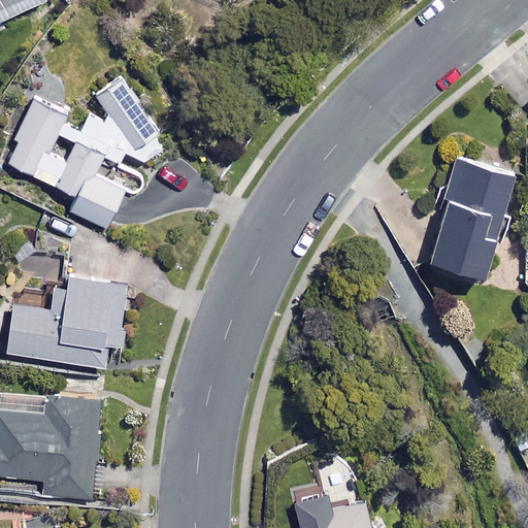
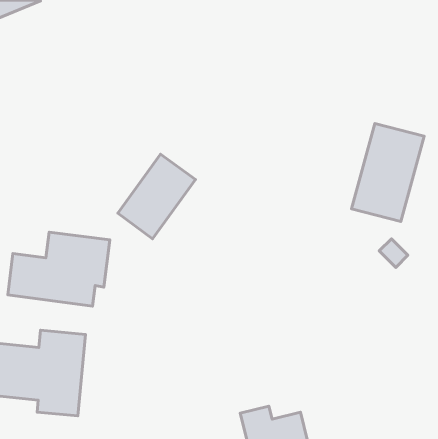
building: [4,68,167,230] -> none
building: none -> [118,154,195,239]

